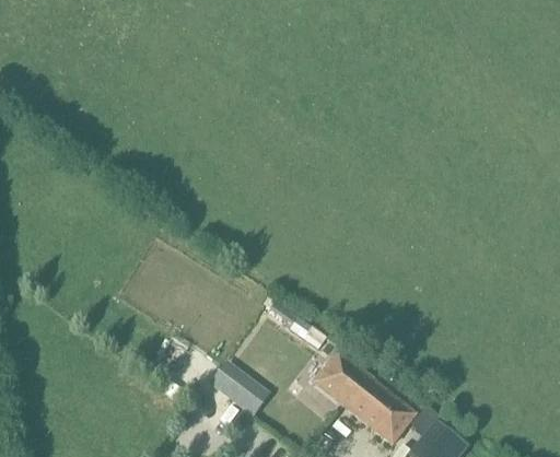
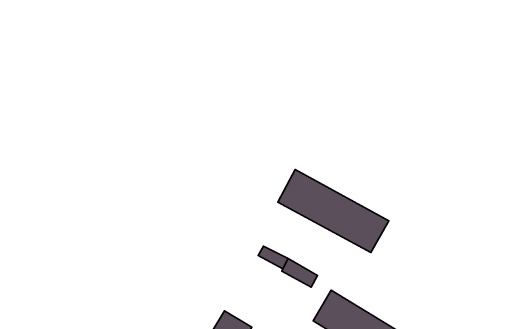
building: none -> [278,169,389,252]

